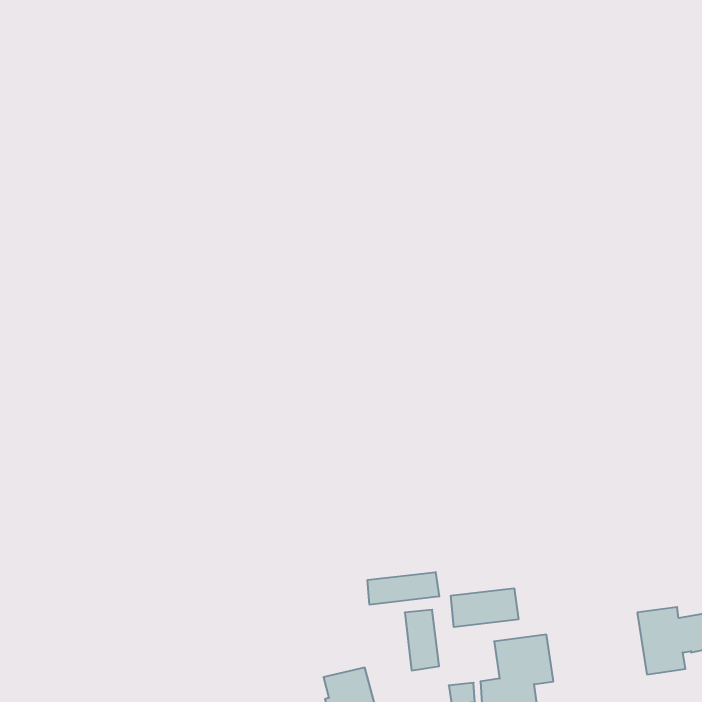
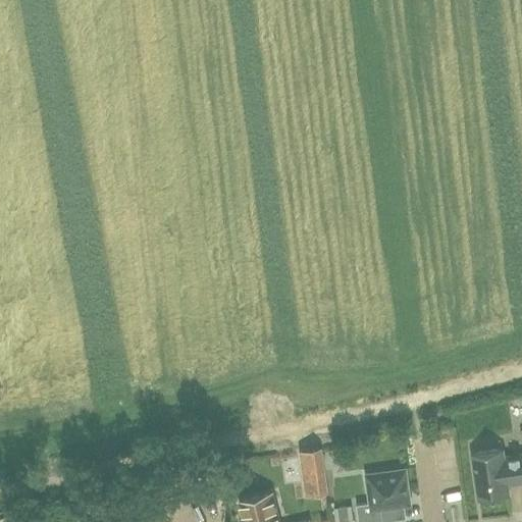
building: [368,572,439,605] -> none
building: [451,588,518,627] -> none

